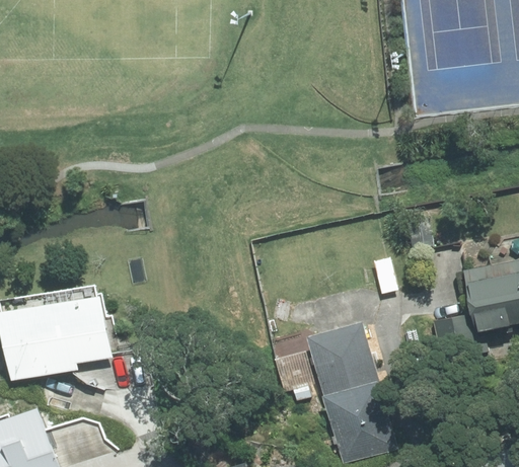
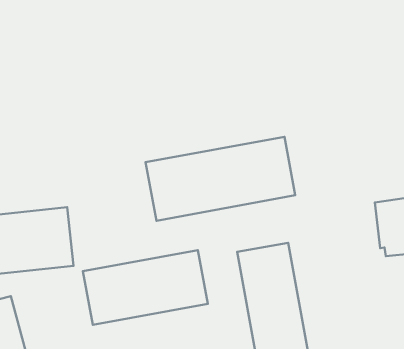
building: none -> [146,137,295,221]
building: none -> [83,250,208,325]

